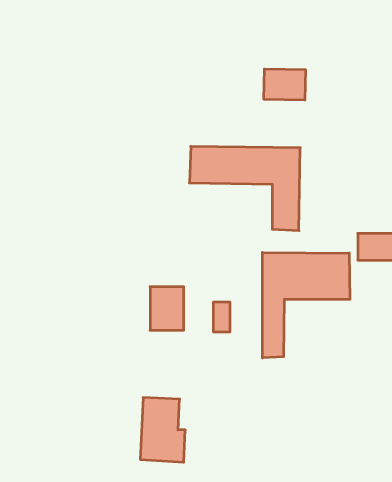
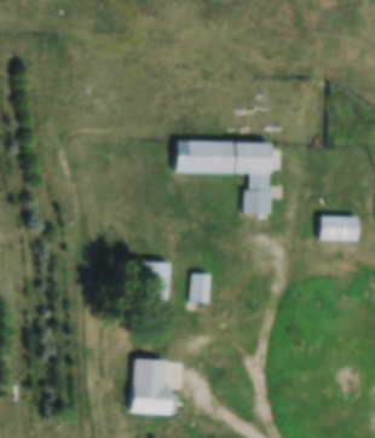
building: [264,69,305,100] -> none
building: [262,252,350,358] -> none

